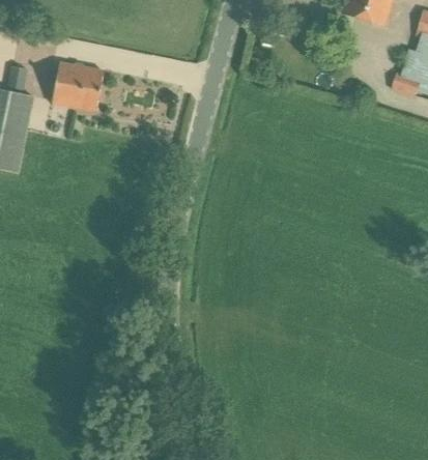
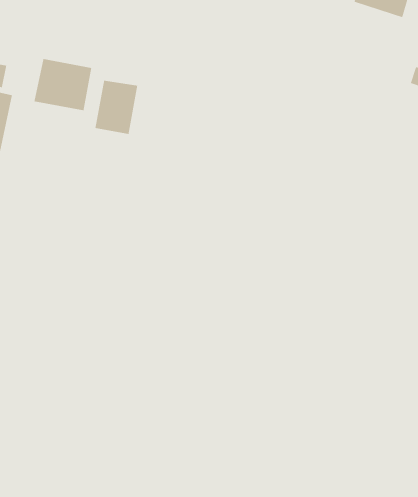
building: none -> [95,80,138,135]

